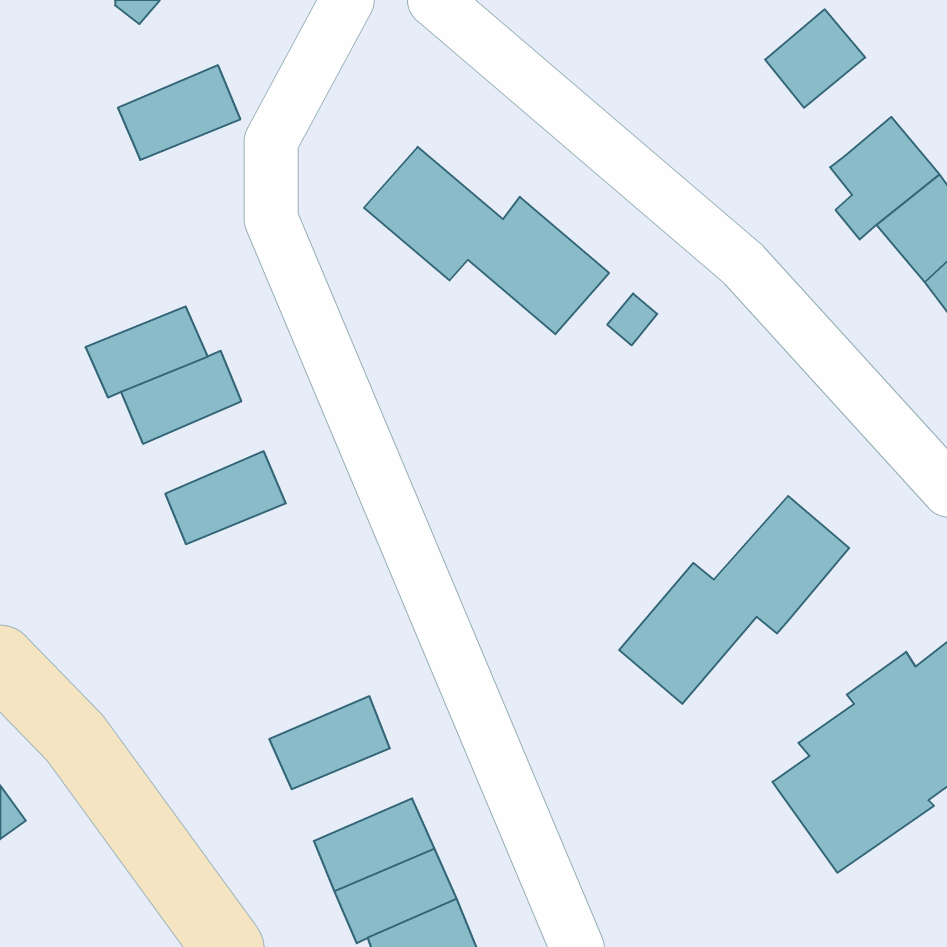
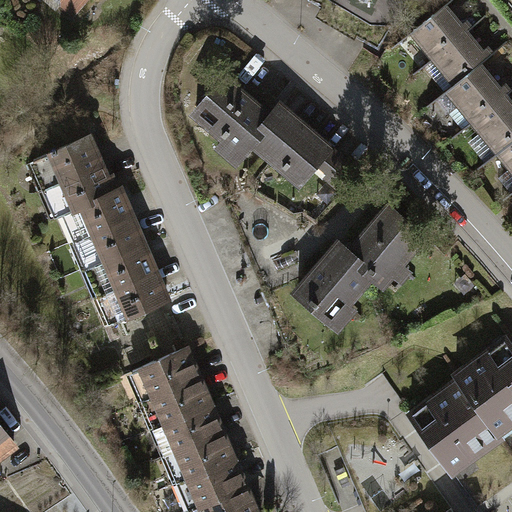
building: none -> [434,32,489,85]
building: [118,65,240,160] -> [35,137,101,188]
building: none -> [78,217,143,267]
building: [619,496,849,704] -> [299,209,423,321]
building: none -> [101,272,167,323]
building: none -> [134,348,200,399]
building: none -> [158,404,223,454]

